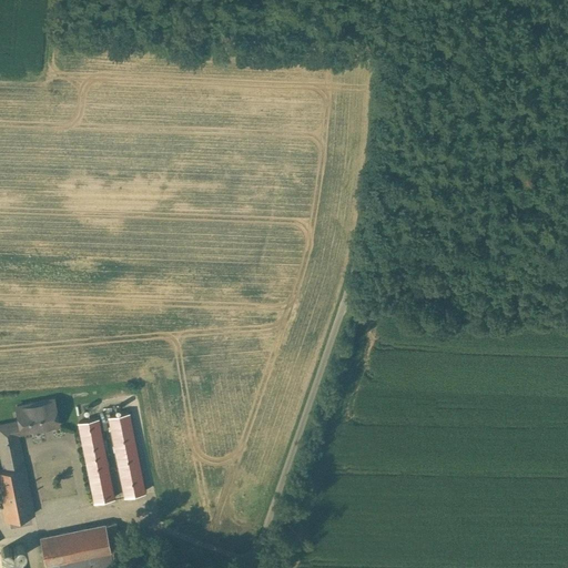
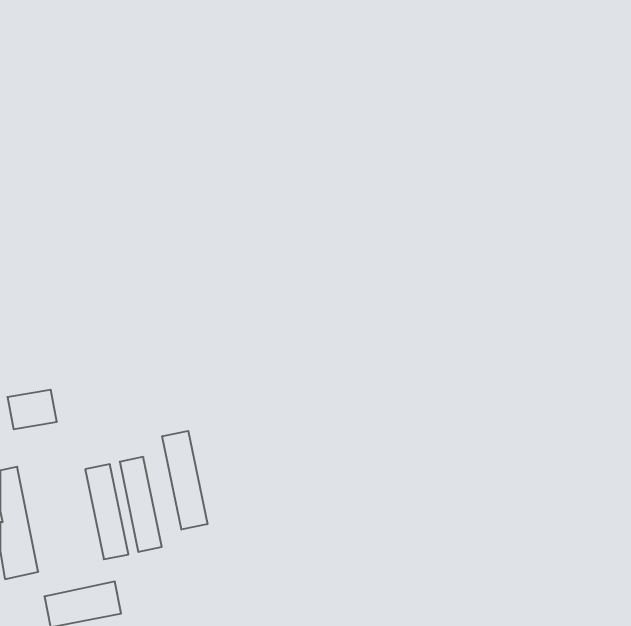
building: none -> [162,431,207,530]
building: [16,402,60,437] -> [7,390,57,429]

